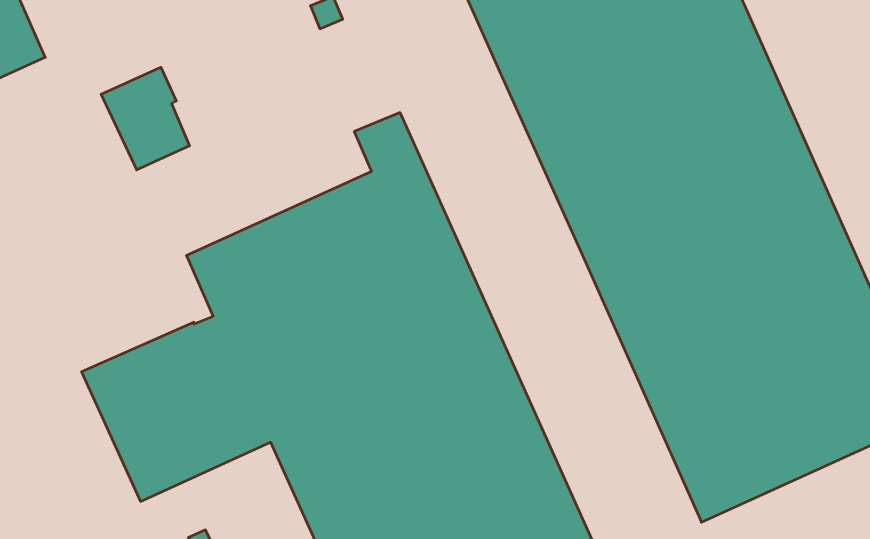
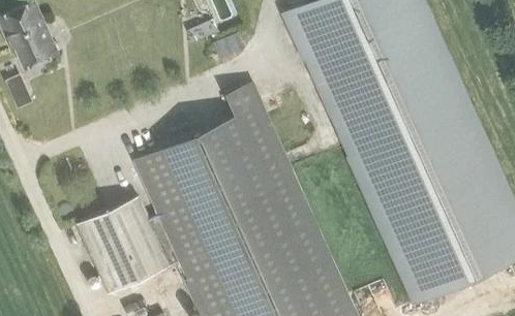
building: [101,67,190,170] -> none

